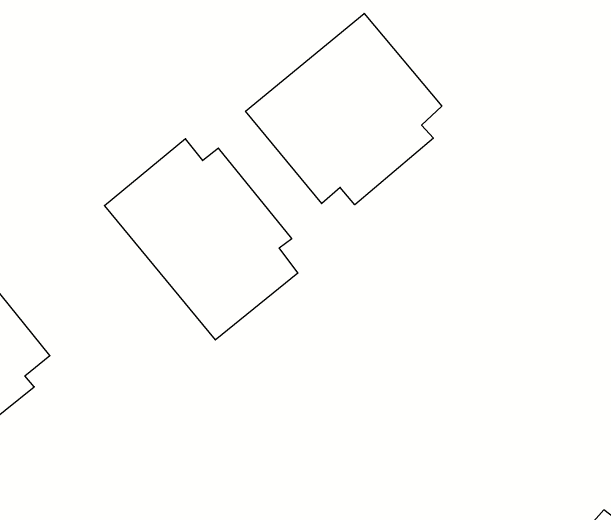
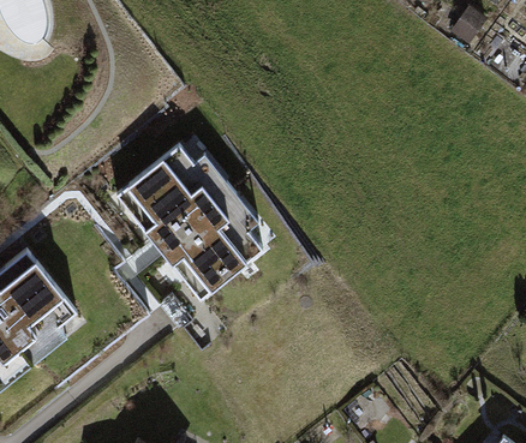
building: [246,13,442,205] -> none

